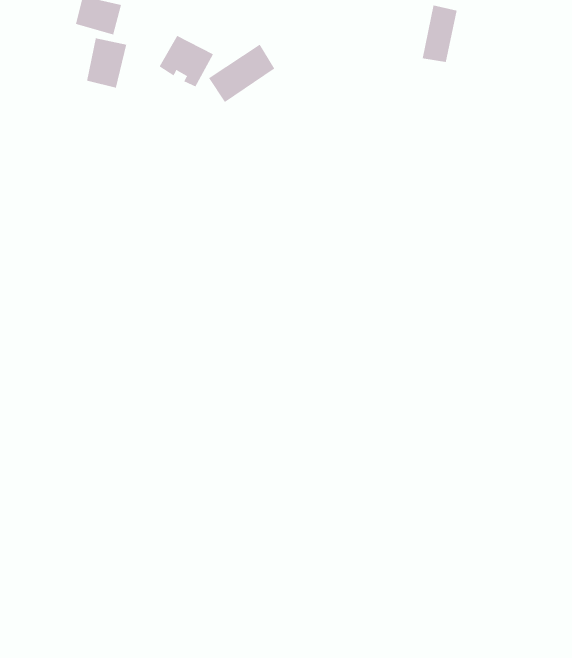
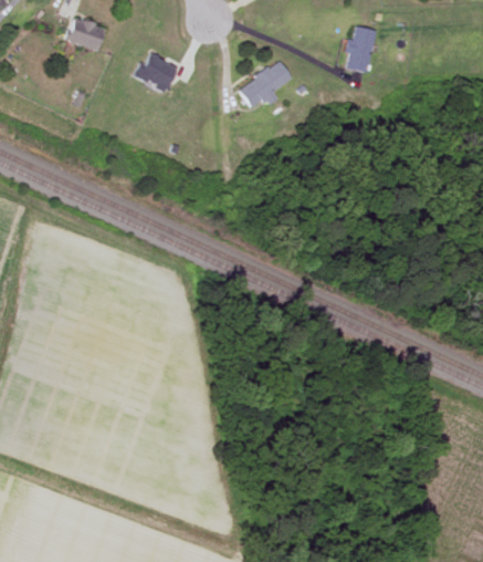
building: [87,38,127,88] -> none
building: [208,44,275,103] -> [239,61,293,108]

